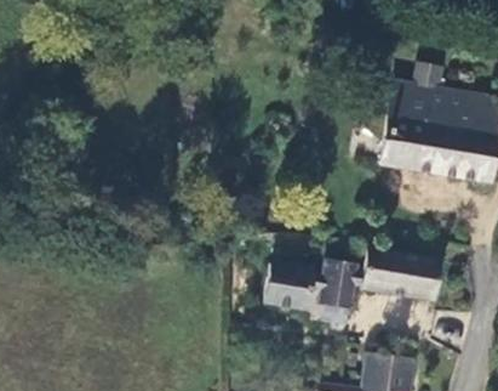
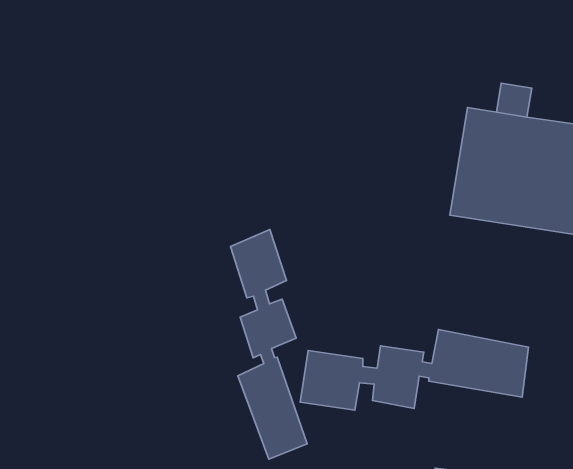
building: none -> [230,229,307,459]

